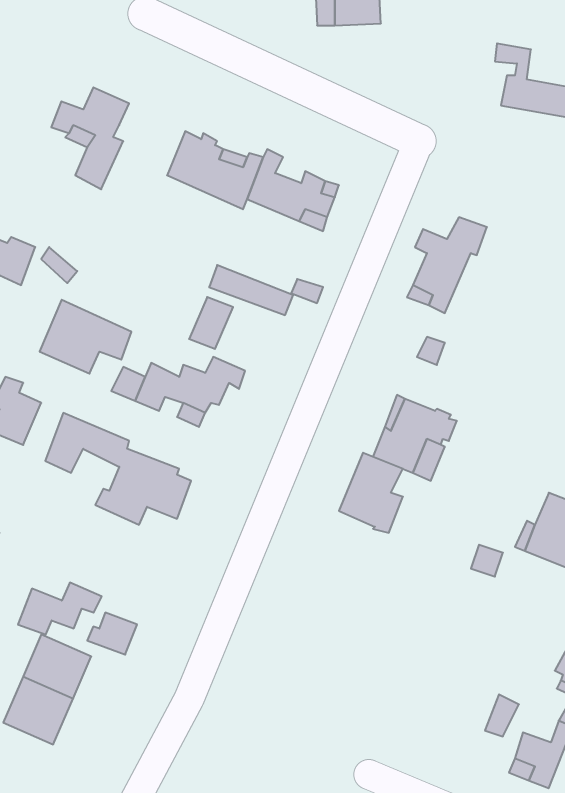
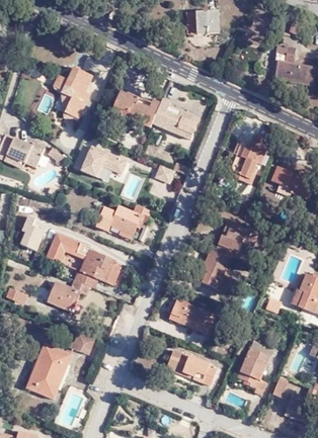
building: none -> [270,167,306,194]
building: [40,300,131,374] -> [81,141,128,178]
building: none -> [169,300,215,335]
building: [18,583,102,634] -> [49,278,91,304]
building: none -> [239,340,269,392]
building: none -> [165,349,216,387]

